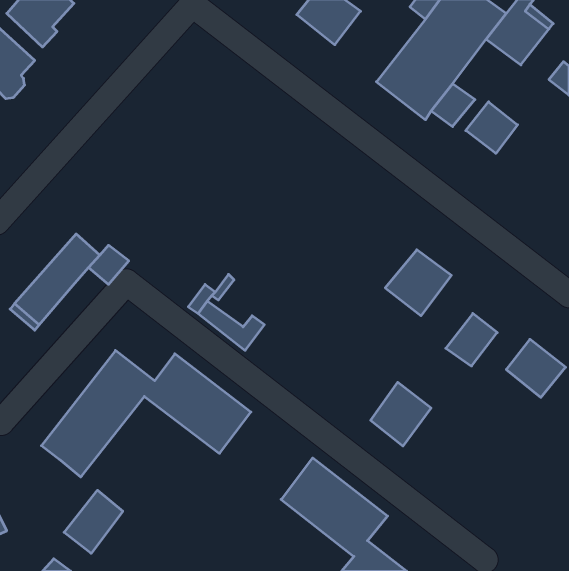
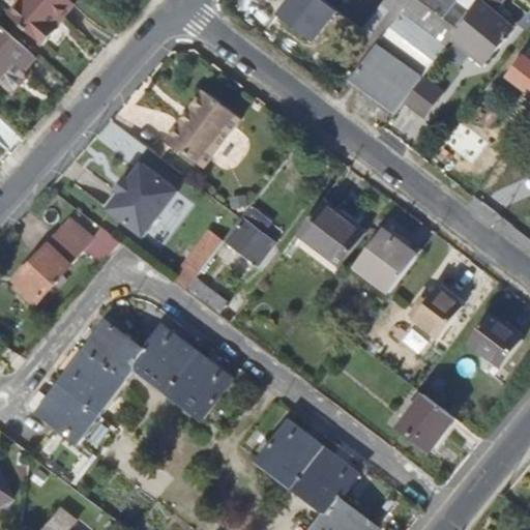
building: none -> [164,88,237,166]
building: [466,102,518,153] -> none
building: none -> [106,164,174,234]
building: none -> [291,201,370,275]
building: none -> [223,207,269,263]
building: [371,382,431,446] -> [396,390,452,449]
building: [64,490,123,553] -> none

